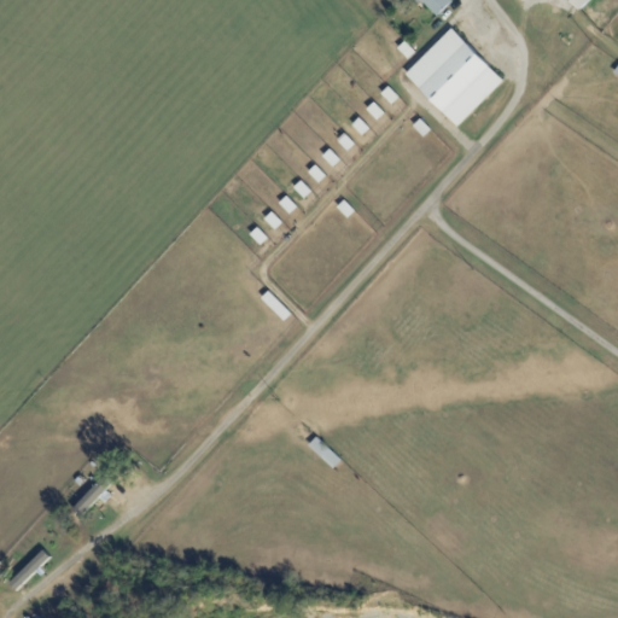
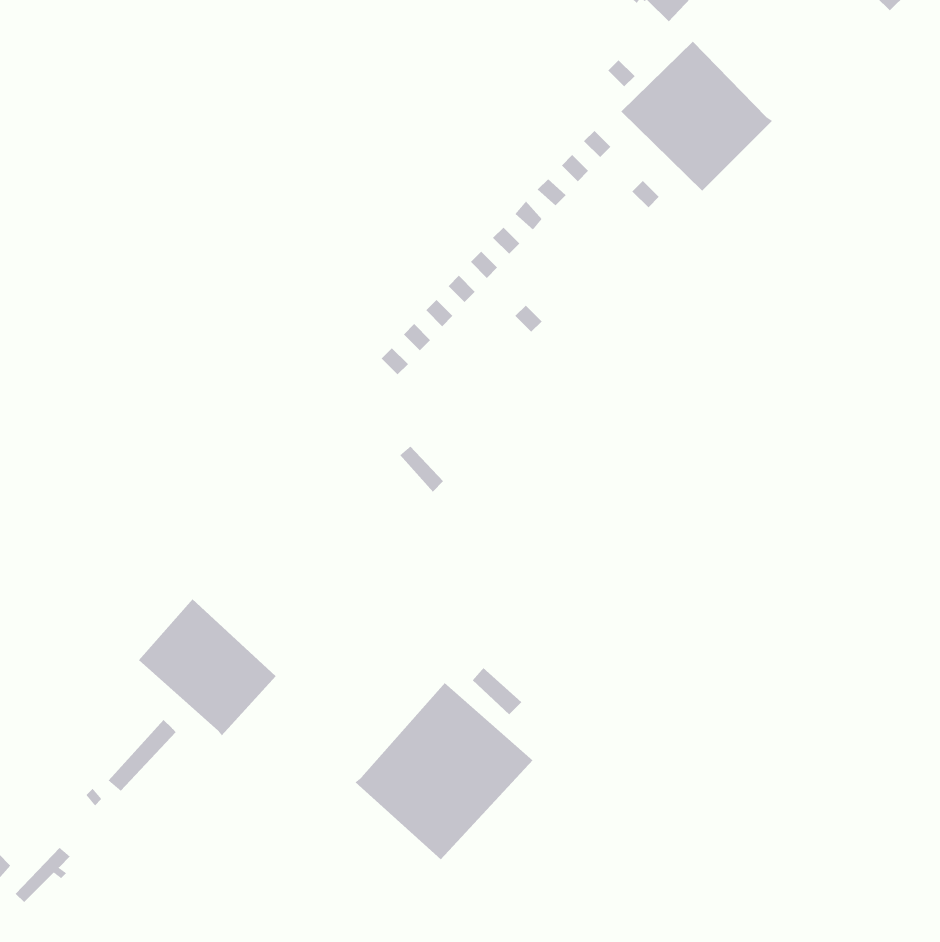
building: none -> [138,598,276,736]
building: none -> [354,682,533,860]

